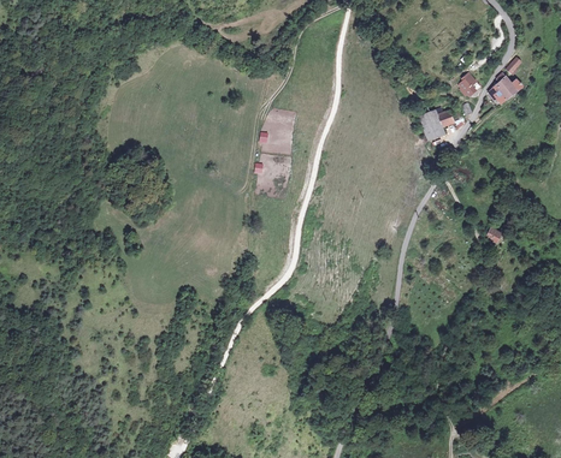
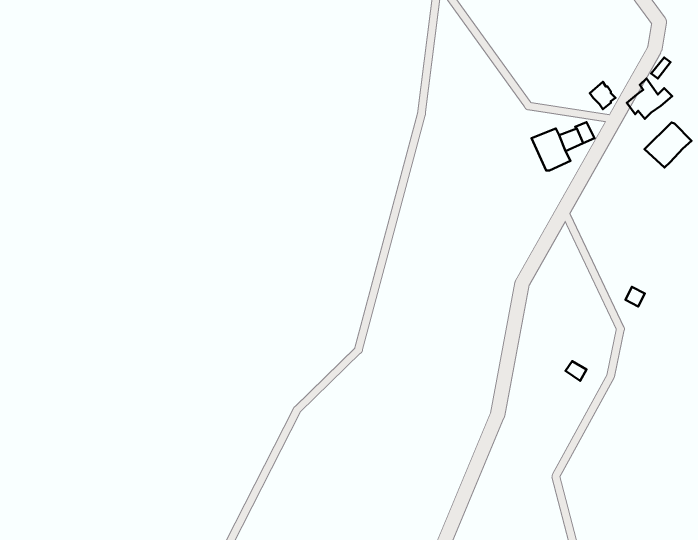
building: none -> [644,122,691,168]

